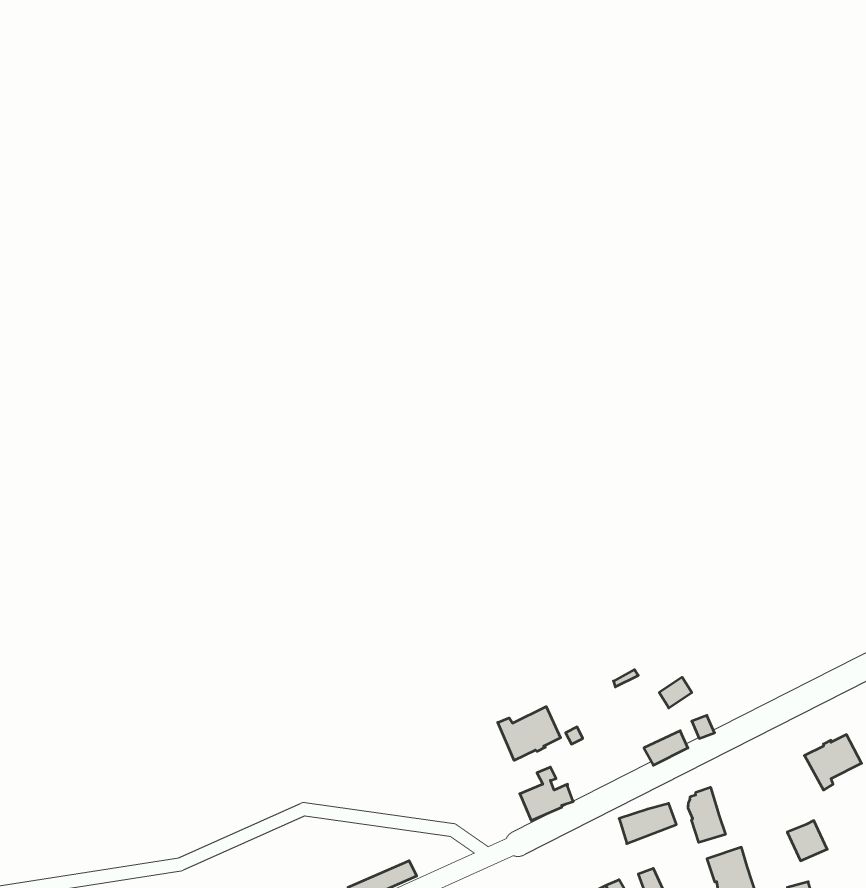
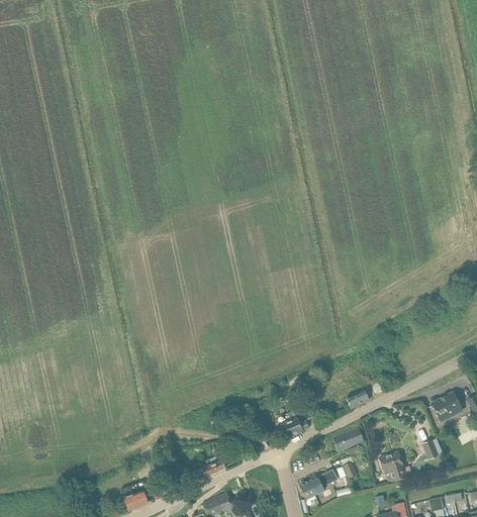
building: [498,707,561,760] -> none
building: [688,787,725,842] -> none

